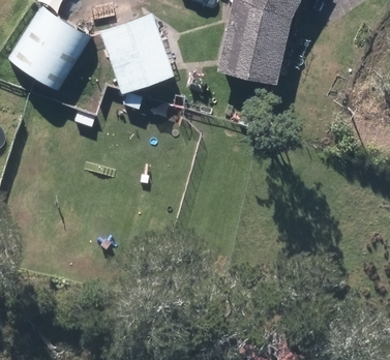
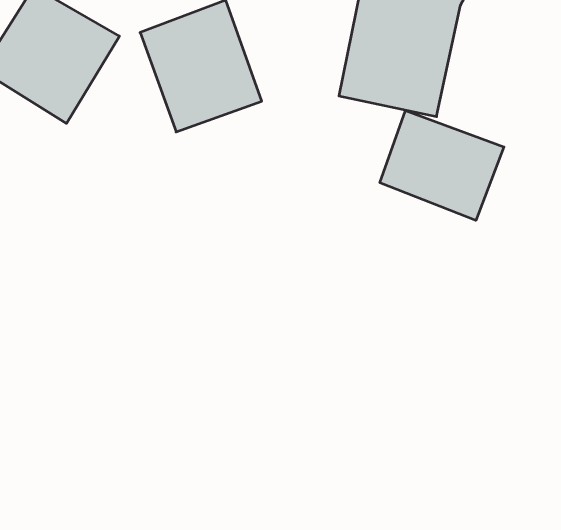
building: none -> [380,111,504,220]

